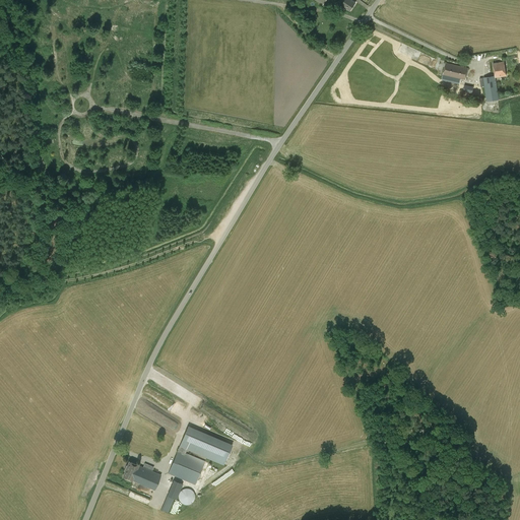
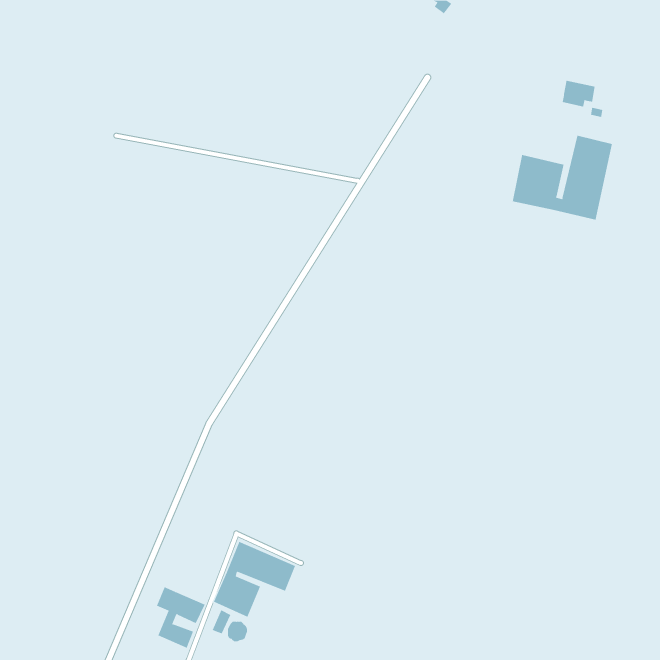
building: [483,62,506,102] -> none
building: none -> [512,135,612,220]

